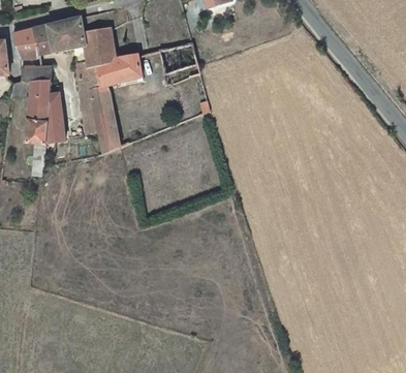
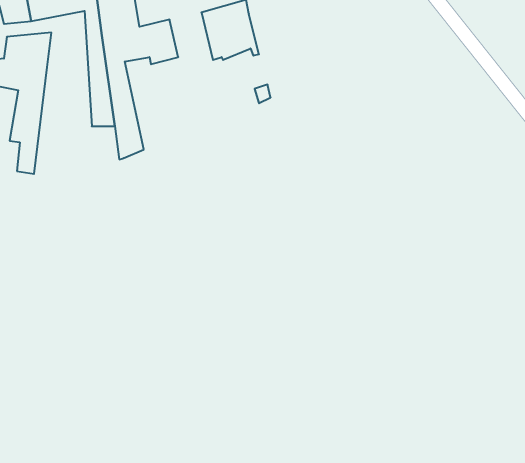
building: [39,87,62,166] -> none

